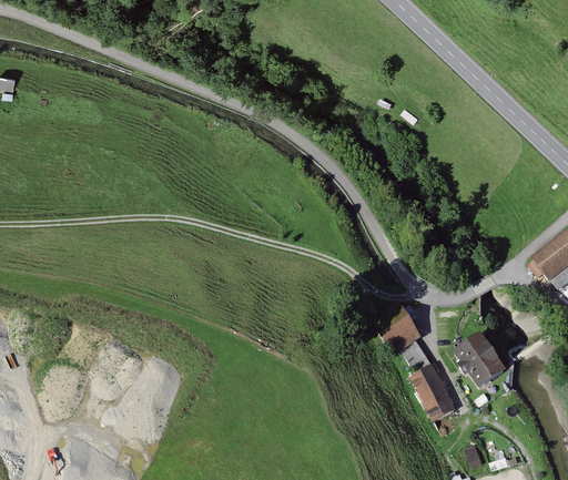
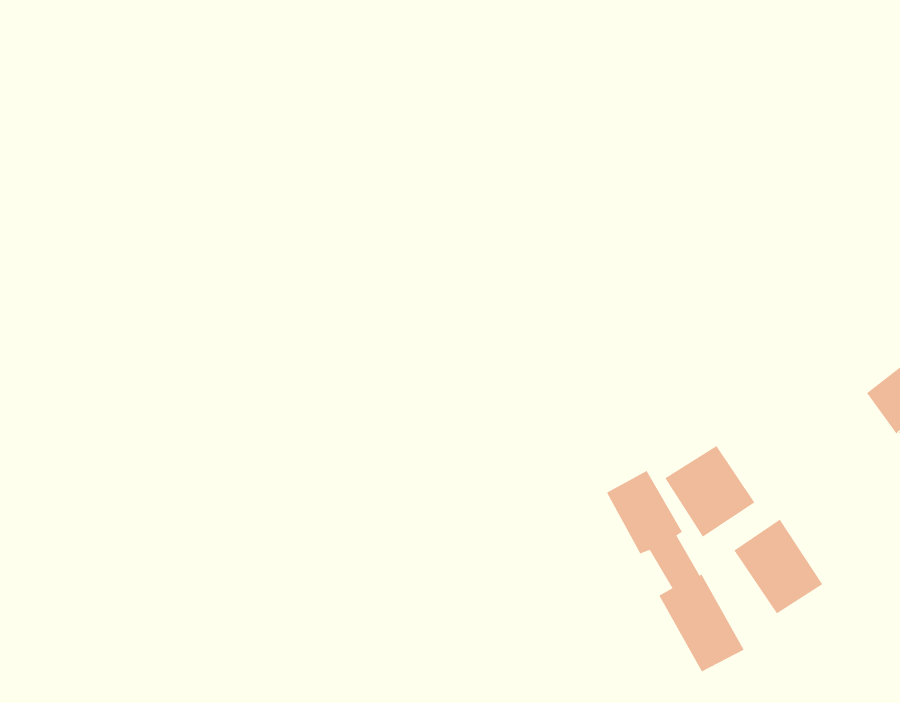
building: none -> [664,445,755,537]

